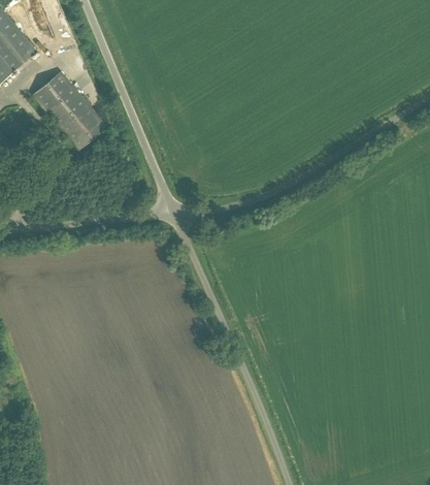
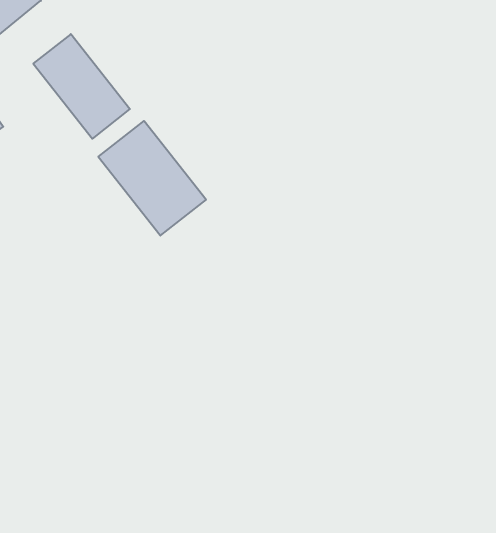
building: none -> [98,121,206,236]

